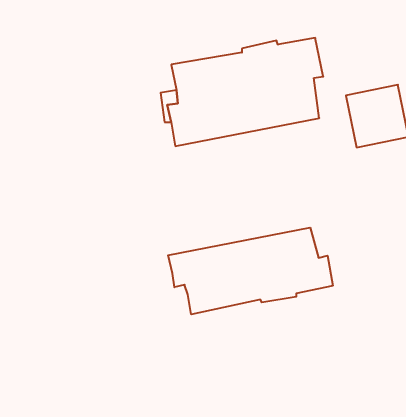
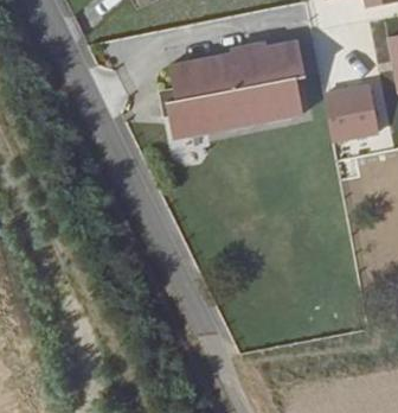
building: [168,228,333,314] -> none

